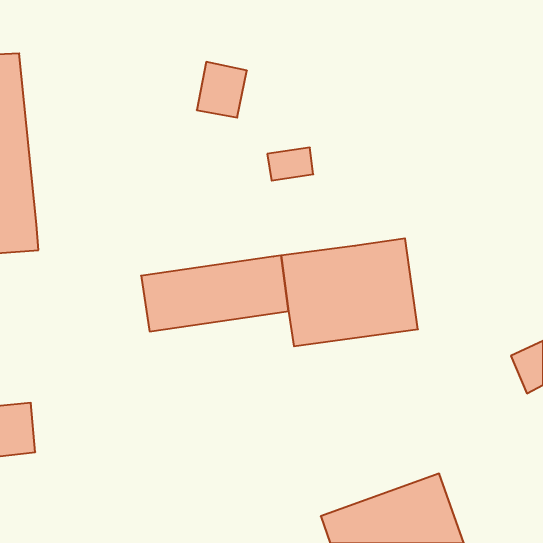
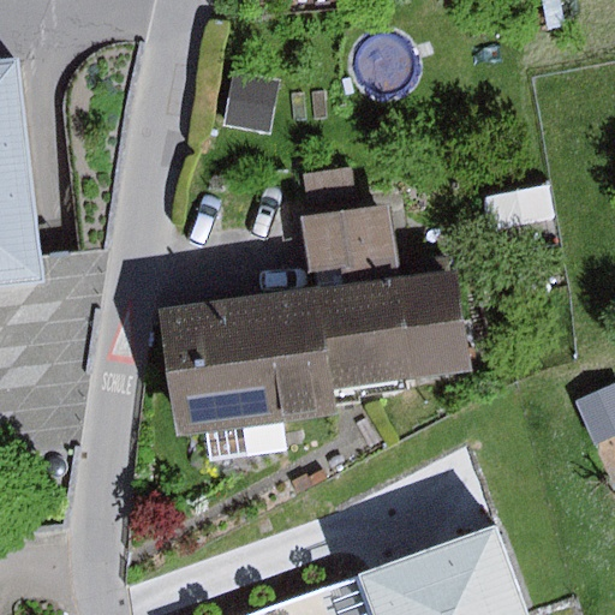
building: none -> [297,202,399,288]
building: none -> [168,350,333,459]

